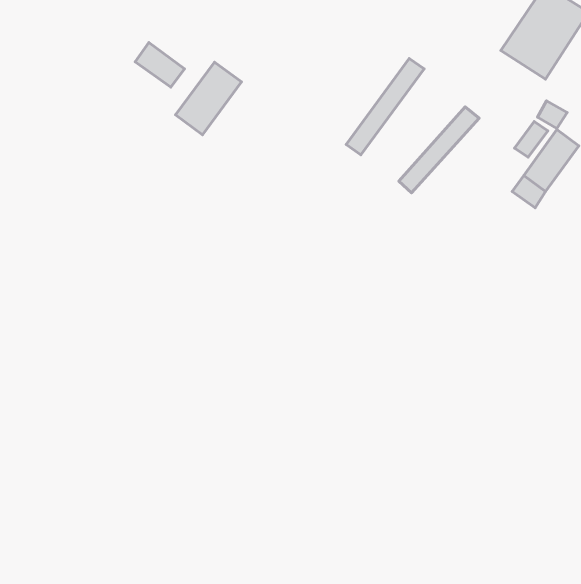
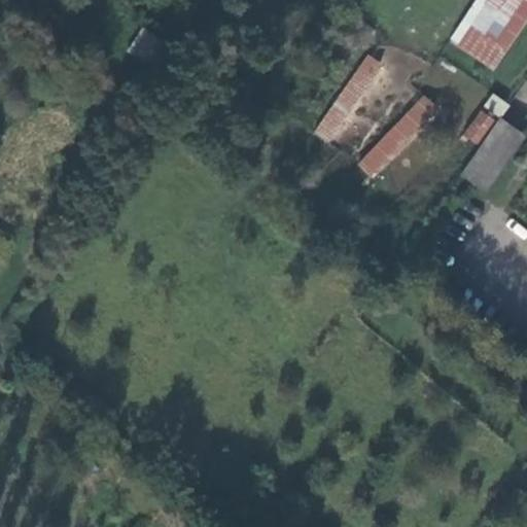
building: [175,62,242,135] -> none

